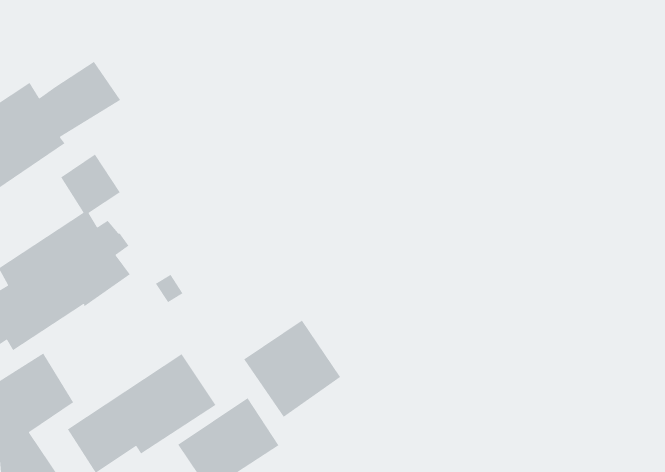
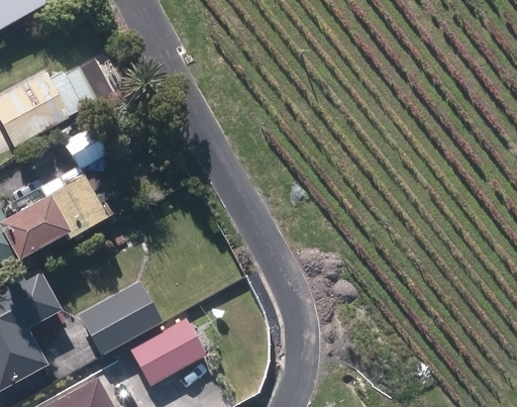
building: [243,320,341,418] -> none

